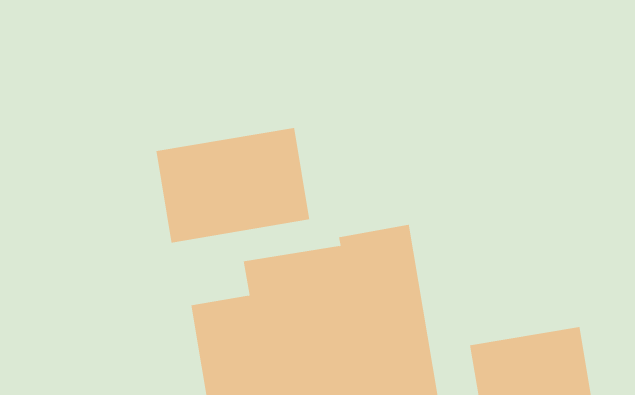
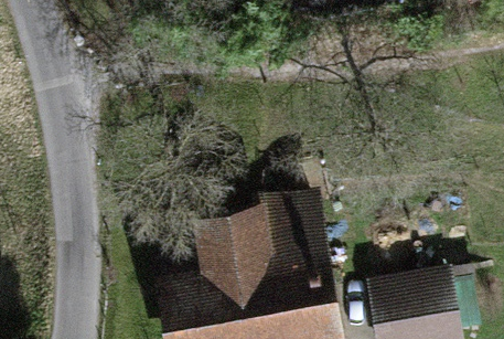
building: [156,127,310,243] -> none

